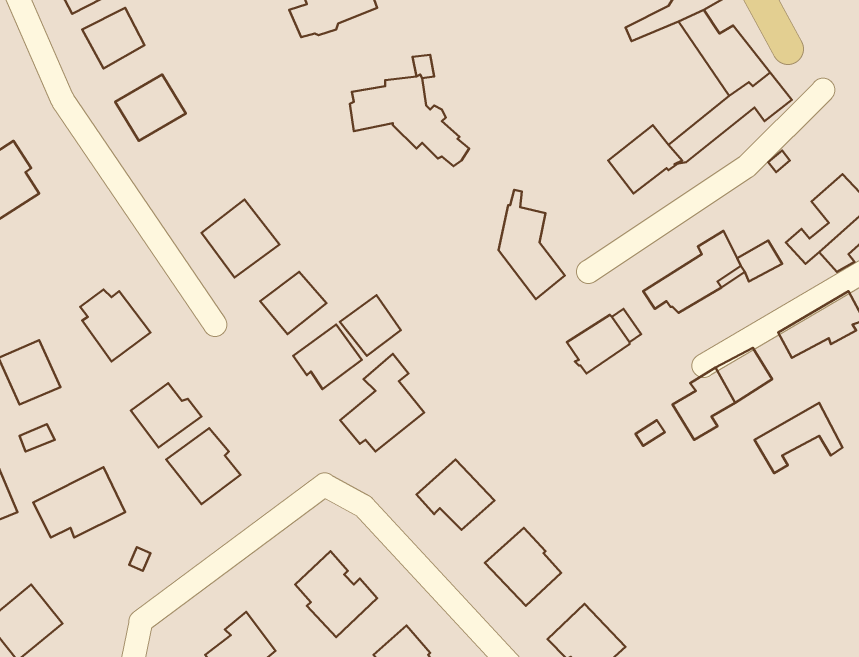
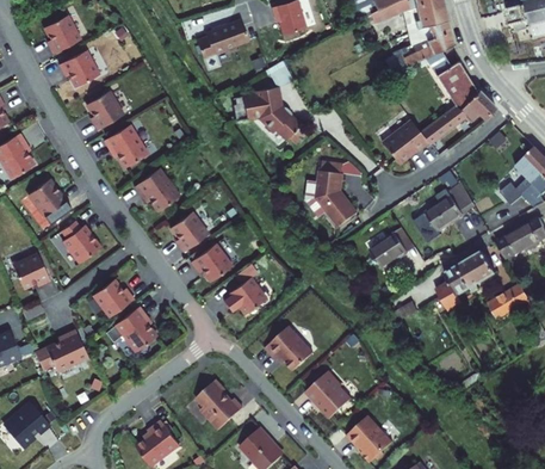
building: none -> [105,125,150,172]
building: none -> [27,177,69,222]
building: [340,295,401,356] -> none

